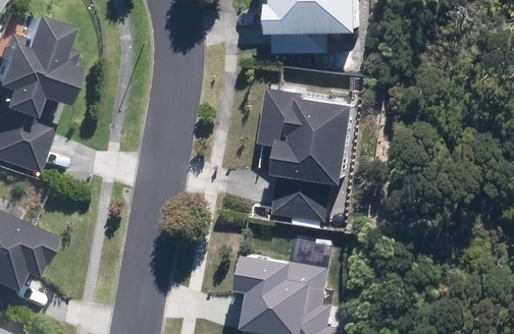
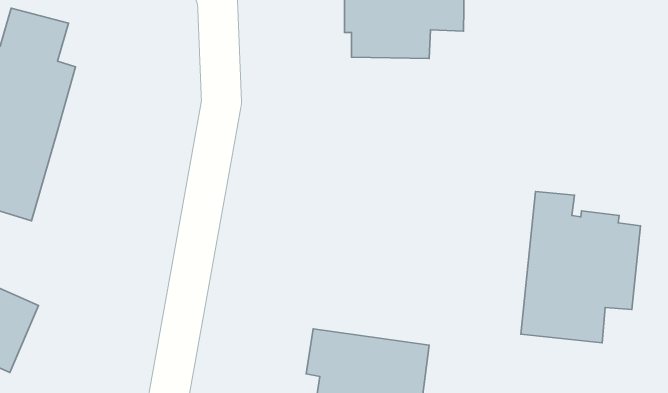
building: [258,90,353,221] -> none
building: none -> [521,192,641,343]

